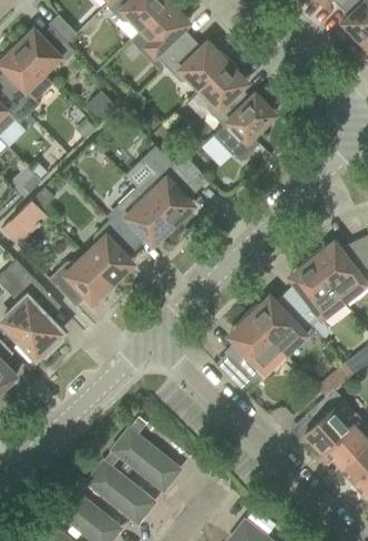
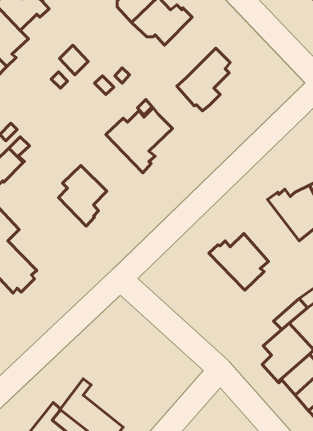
building: [200,61,251,126] -> none
building: [110,187,176,248] -> none
building: [49,255,115,307] -> none
building: [285,257,345,324] -> none
building: [224,315,285,381] -> none
building: [112,417,181,491] -> none

